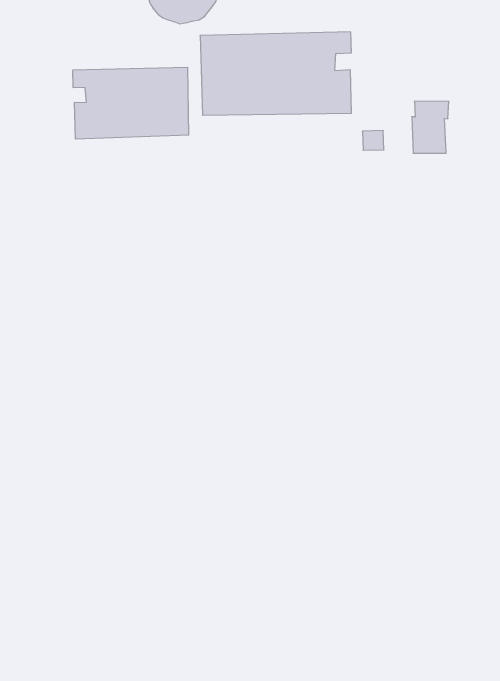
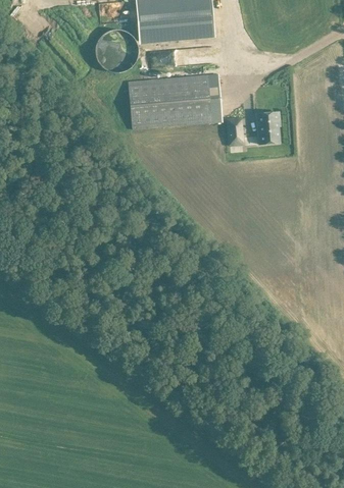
building: [73,67,189,139] -> none

